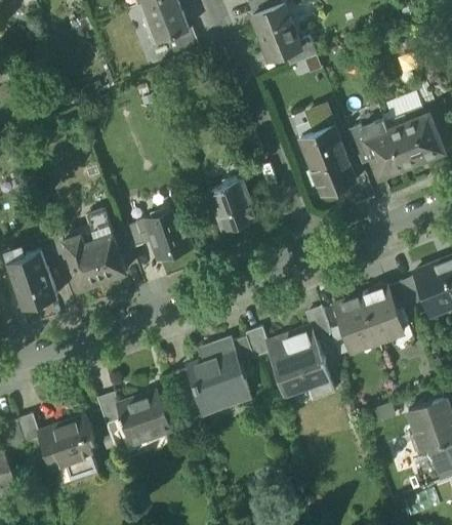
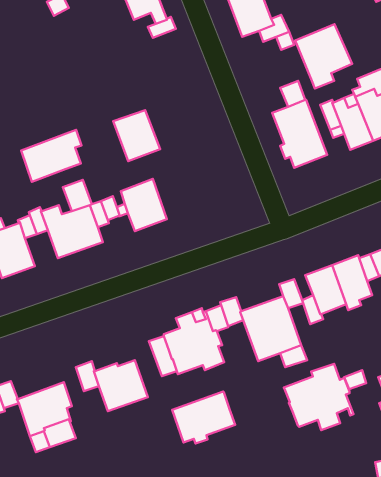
building: none -> [295,24,352,89]
building: none -> [21,130,82,182]
building: [208,180,256,233] -> [113,110,160,161]
building: none -> [284,364,354,430]
building: none -> [172,392,235,444]

